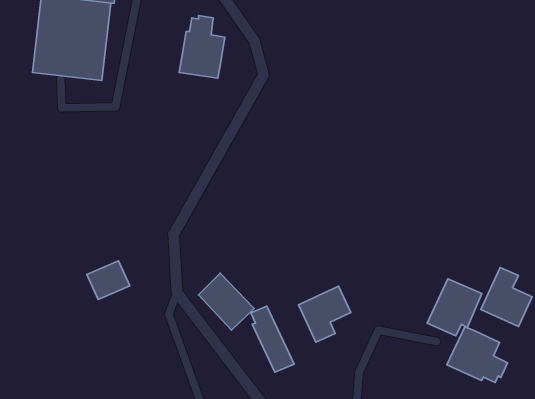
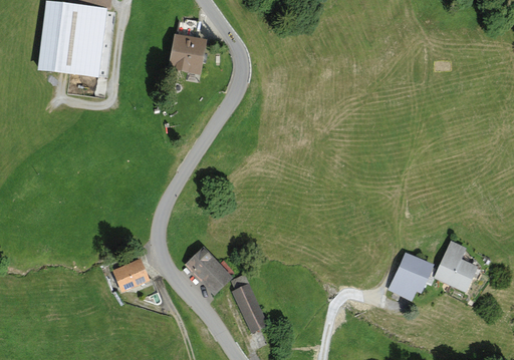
building: [87,261,130,300] -> [112,258,151,292]
building: [298,286,351,342] -> none
building: [447,327,508,383] -> none

